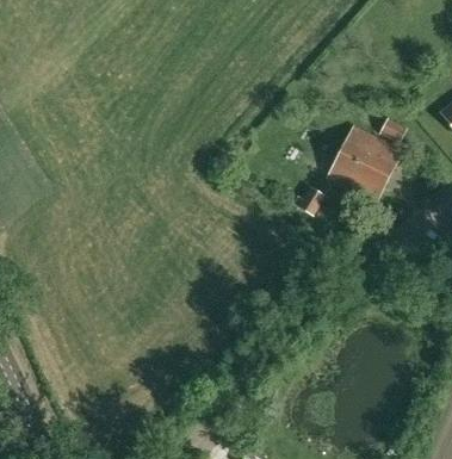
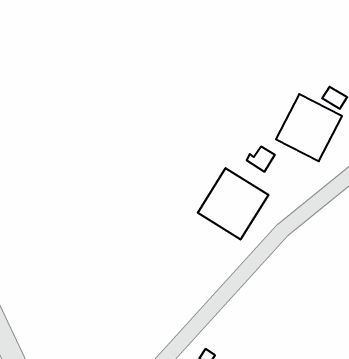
building: none -> [198,168,268,240]

